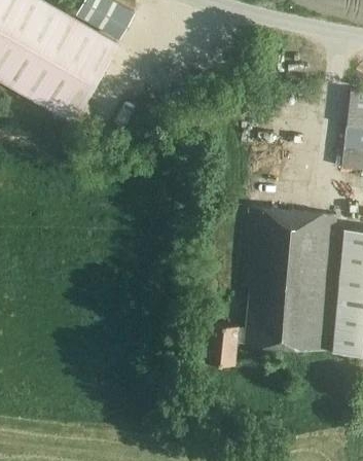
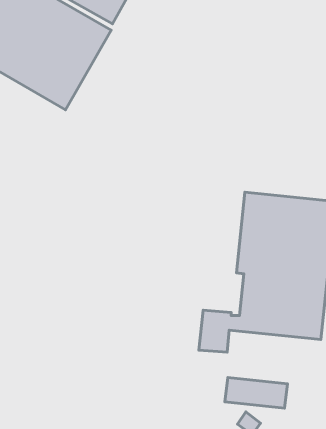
building: none -> [225,377,287,408]

